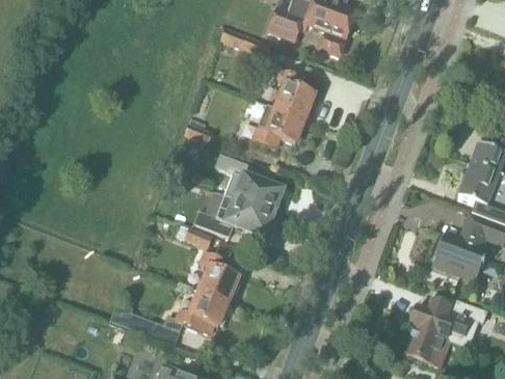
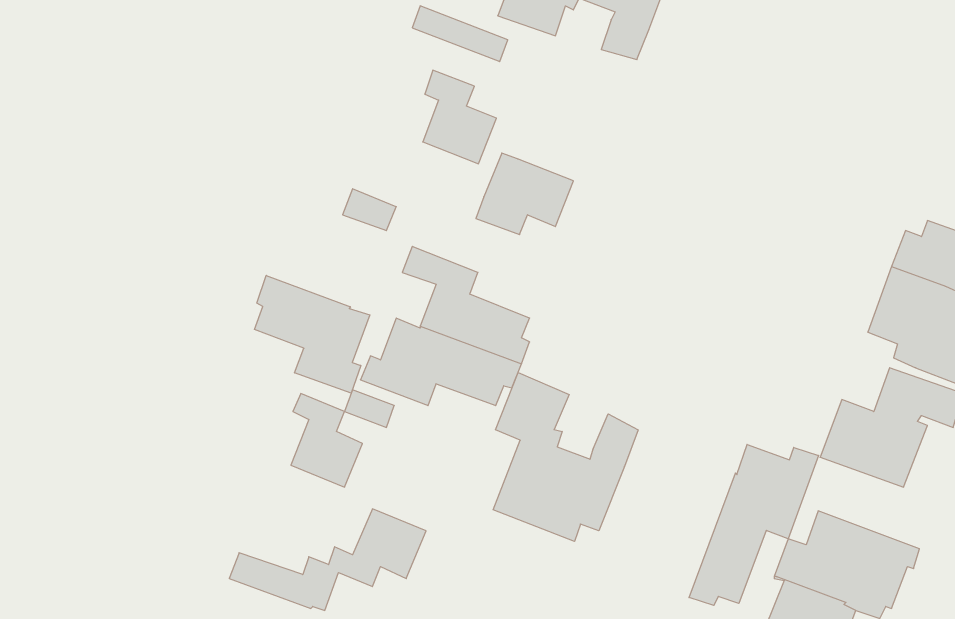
building: [275,70,314,118] -> [423,70,496,164]
building: none -> [255,275,370,393]
building: none -> [493,372,638,541]
building: [200,252,237,301] -> [291,394,362,487]
building: none -> [689,444,819,605]

